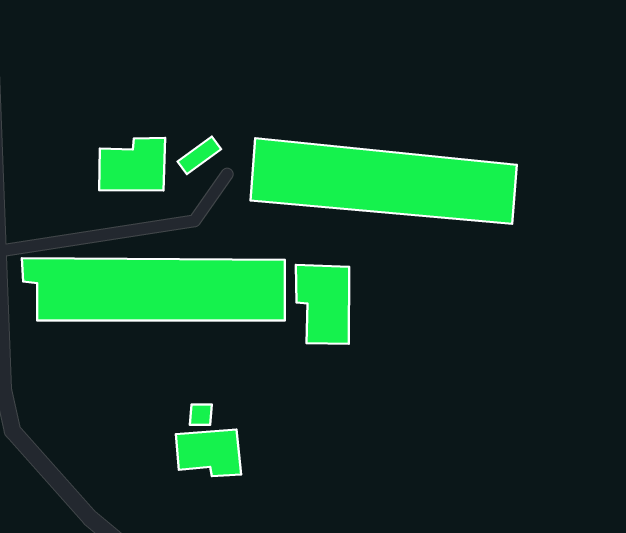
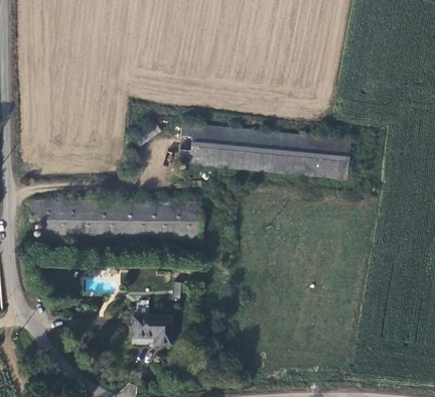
building: [99,138,165,190] -> none
building: [296,265,349,344] -> none

